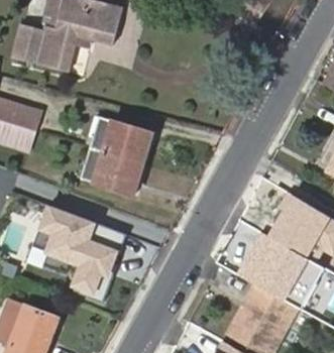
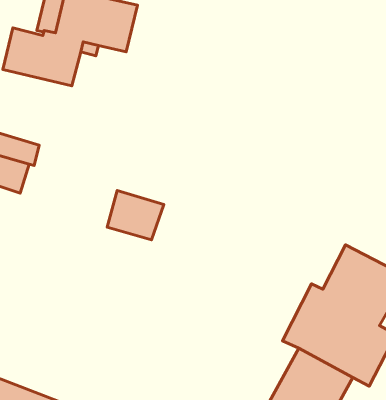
building: [105,123,151,164] -> none
building: [41,202,124,292] -> none

